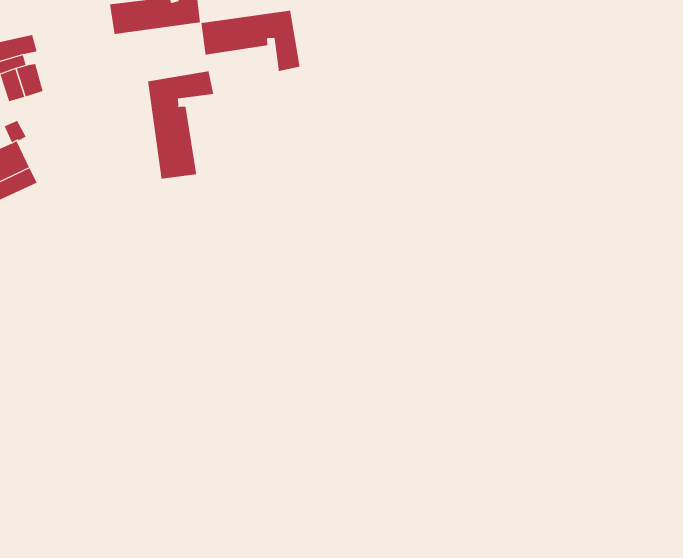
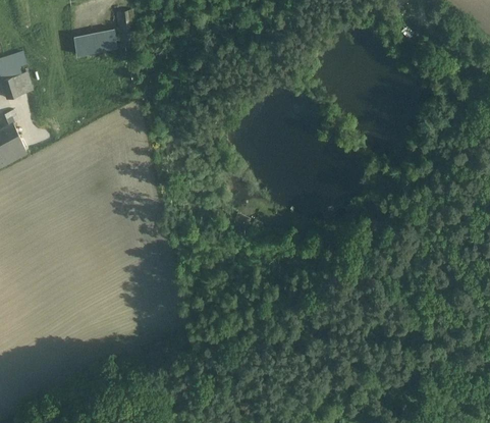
building: [201,10,300,72] -> none
building: [147,71,214,180] -> none

